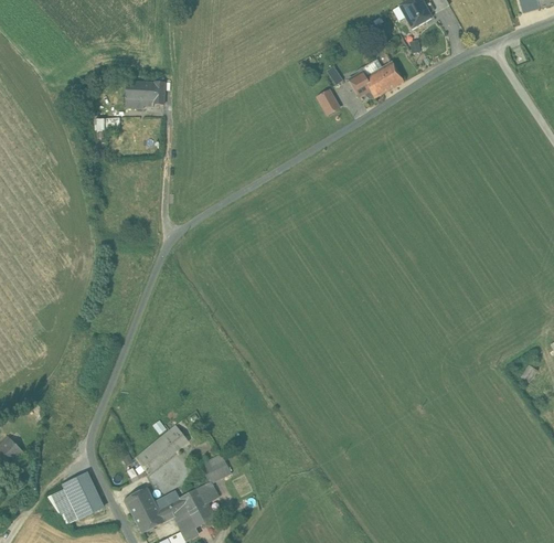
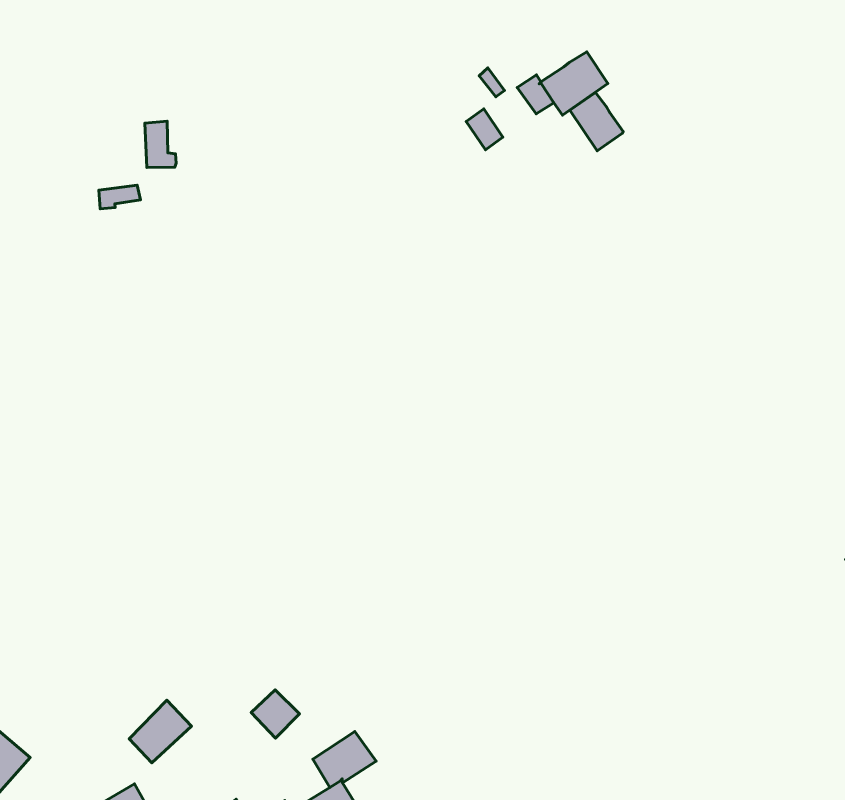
building: [138,81,163,104] -> none
building: none -> [570,92,623,151]
building: [135,436,172,472] -> [129,700,191,763]

